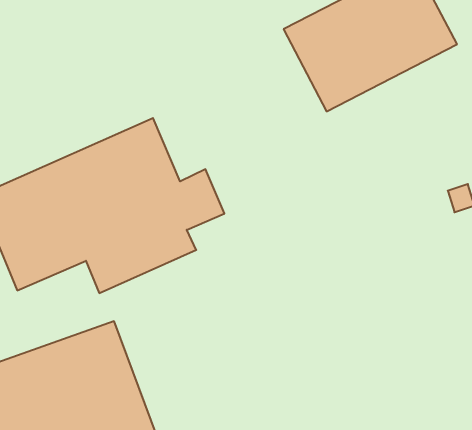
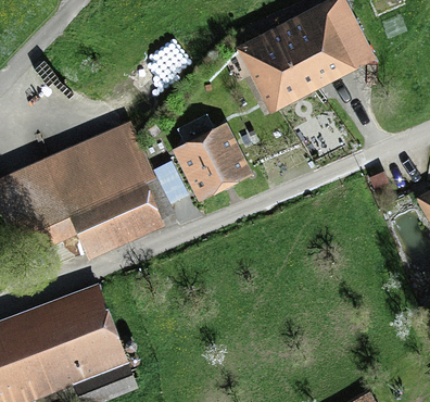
building: none -> [172,122,252,201]

